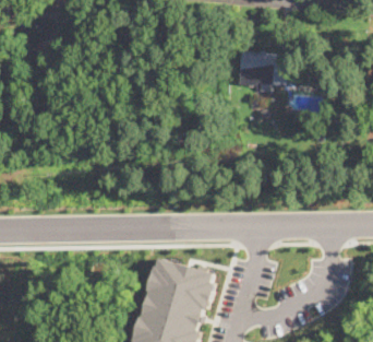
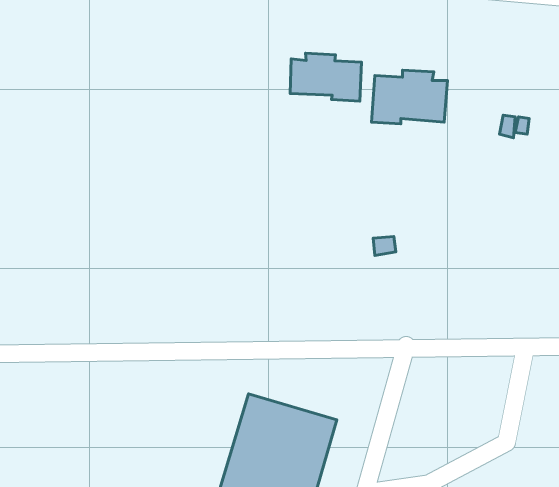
building: none -> [290,53,362,101]

